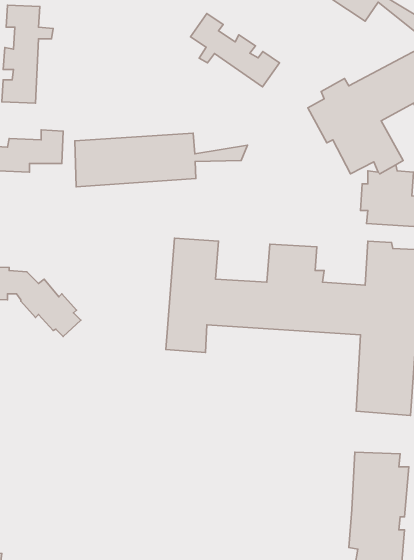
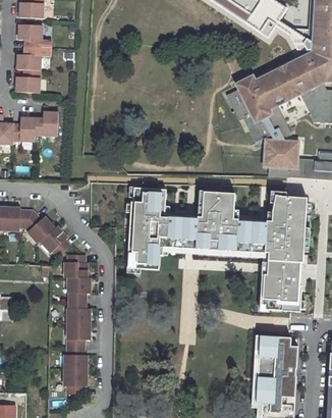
building: [190,14,280,87] -> none
building: [75,133,248,187] -> none
building: none -> [63,254,90,394]

